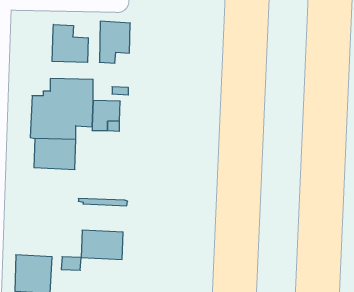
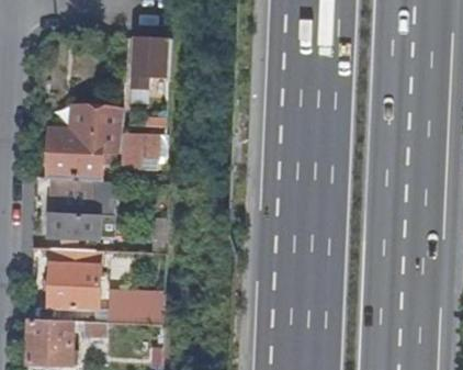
building: [52,24,88,62] -> none
building: none -> [49,214,100,238]
building: none -> [48,249,100,310]

